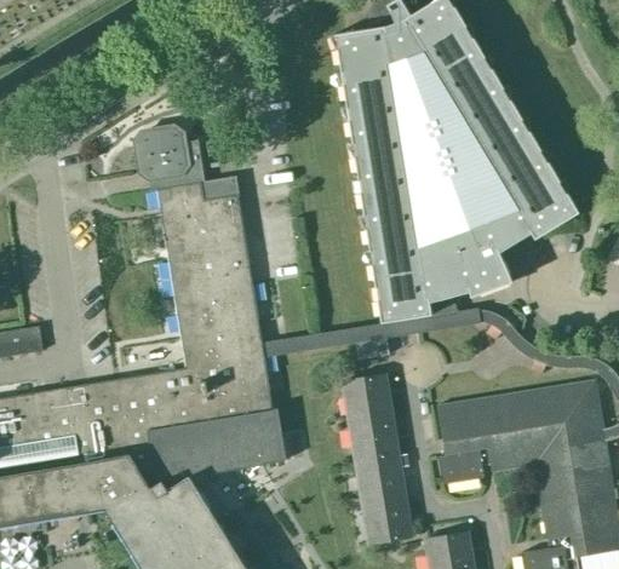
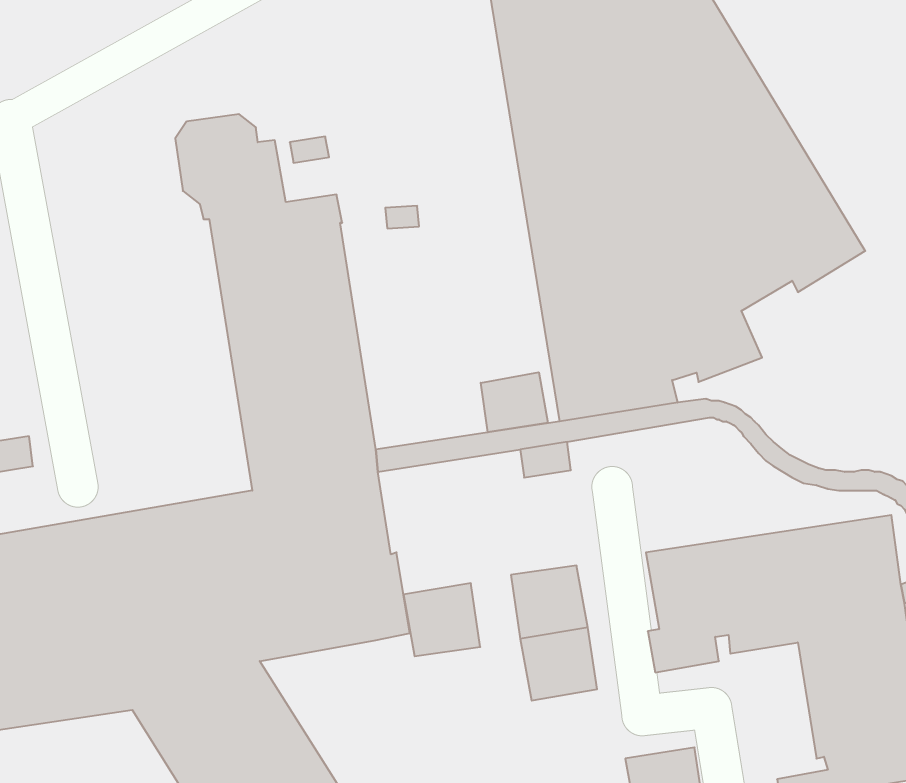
building: none -> [481,372,548,432]
building: [343,374,392,421] -> [403,583,480,656]
building: [363,495,413,542] -> none

